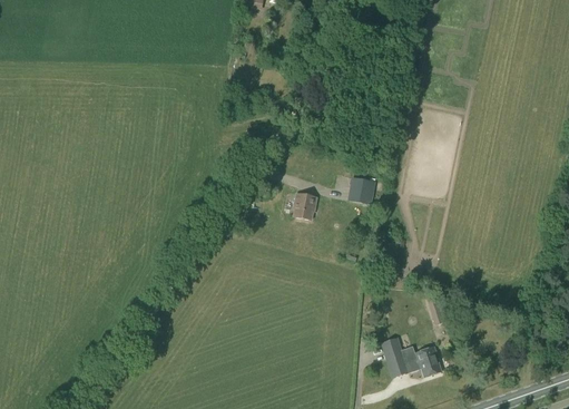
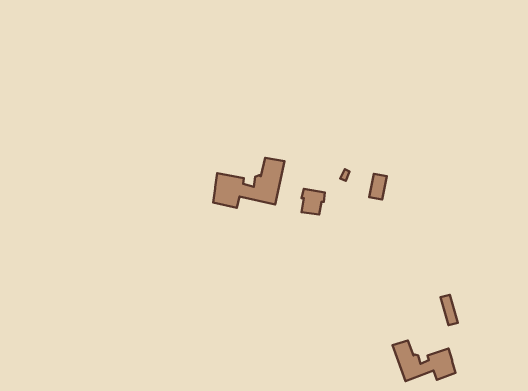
building: none -> [213,158,284,208]

